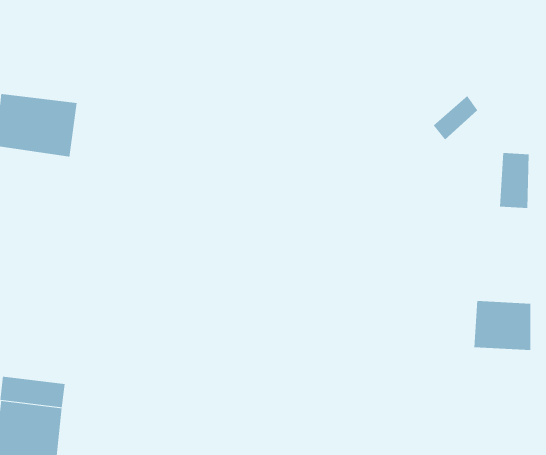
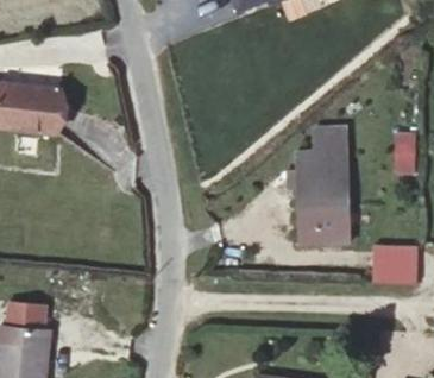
building: none -> [297,137,350,244]

